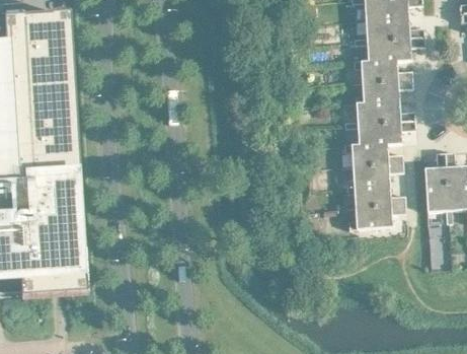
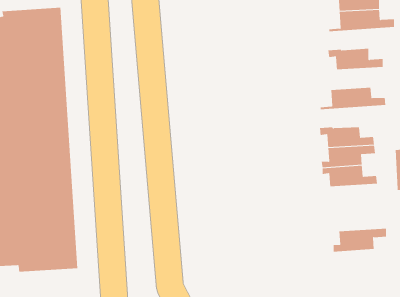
building: [354,36,425,60] -> none
building: [356,78,413,102] -> none
building: [344,119,415,143] -> none
building: [348,203,406,228] -> [333,228,387,252]

